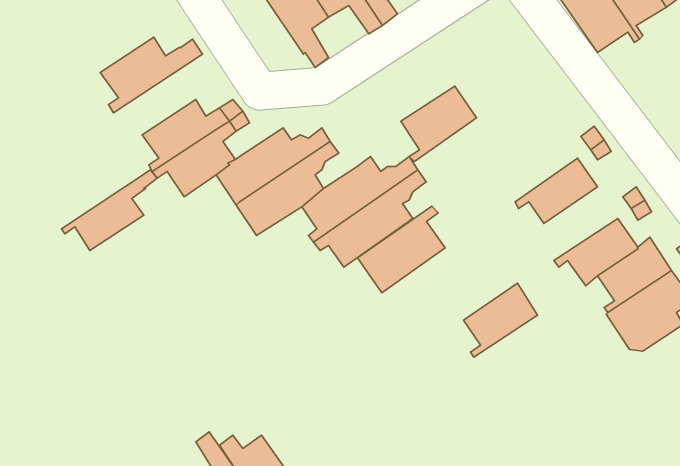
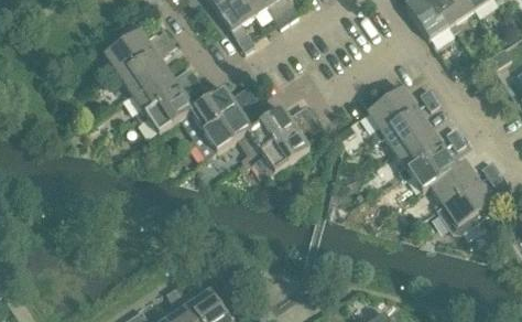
building: [401,86,477,162] -> [367,85,416,135]
building: [61,170,157,250] -> [112,37,175,90]
building: [357,206,445,293] -> none
building: [464,283,538,357] -> [394,125,443,173]

